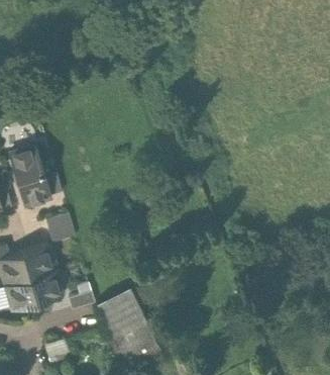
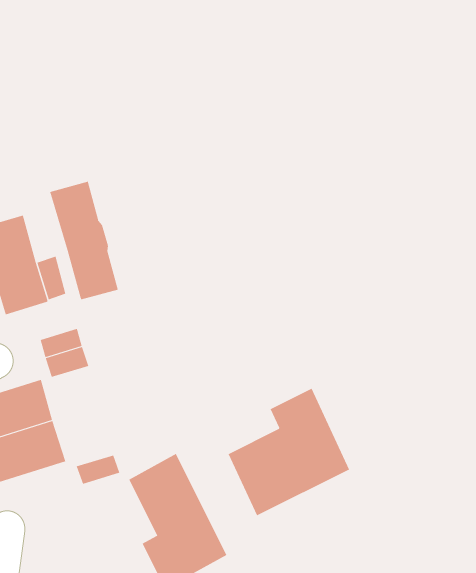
building: none -> [49,181,119,300]
building: none -> [228,388,350,516]

